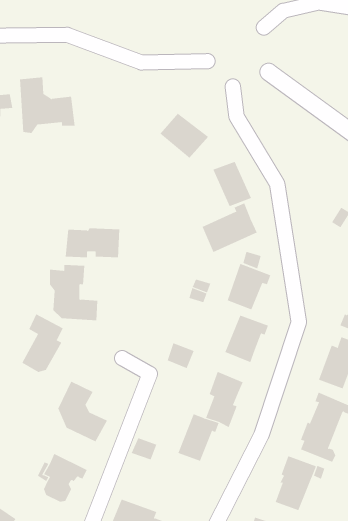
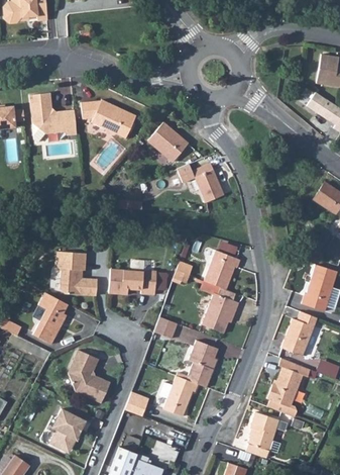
building: none -> [82,97,136,135]
building: [202,202,257,253] -> none
building: [65,228,120,258] -> [109,268,155,293]

